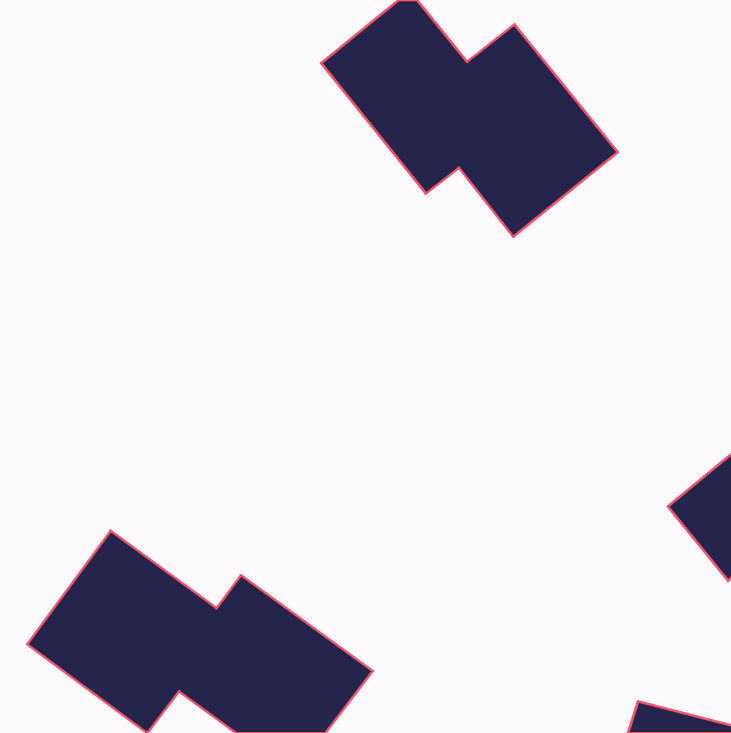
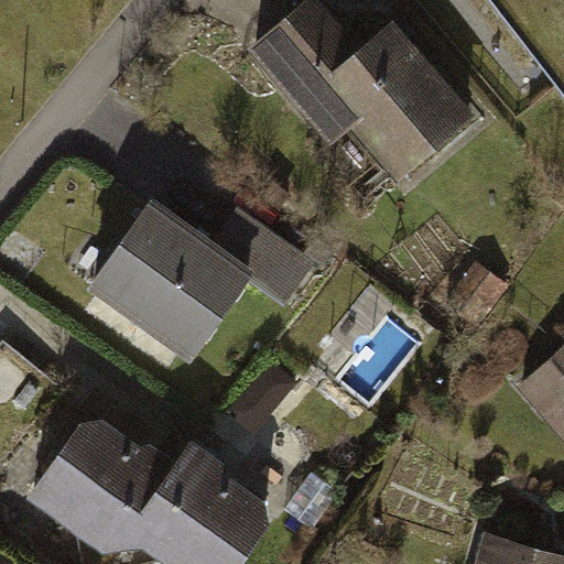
building: none -> [83,198,328,369]

